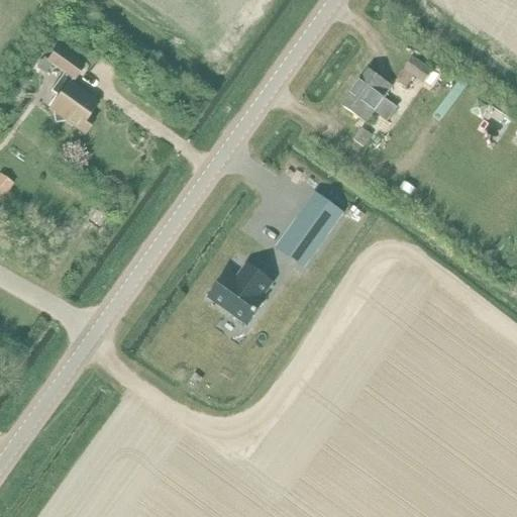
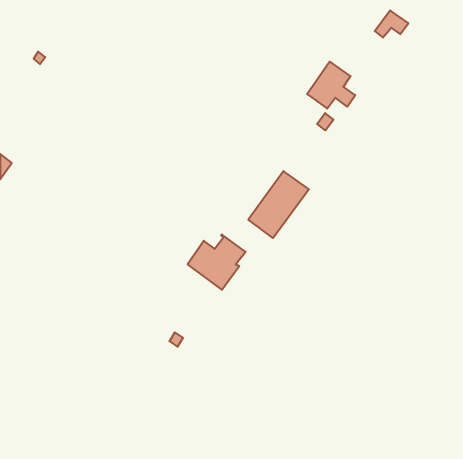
building: [47,45,97,132] -> none
building: [396,56,433,86] -> [375,10,408,38]

